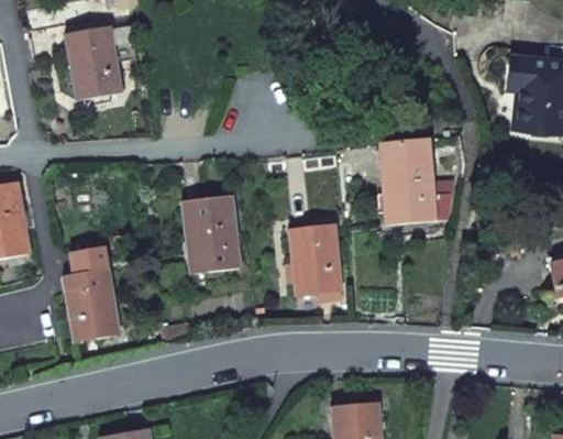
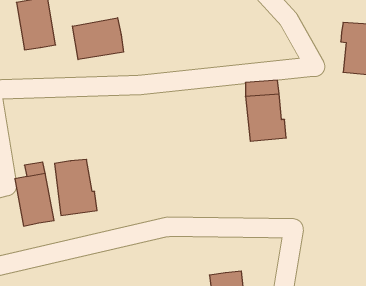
building: none -> [72,18,123,60]
building: [181,196,240,273] -> [55,159,97,215]
building: [289,223,340,294] -> none

